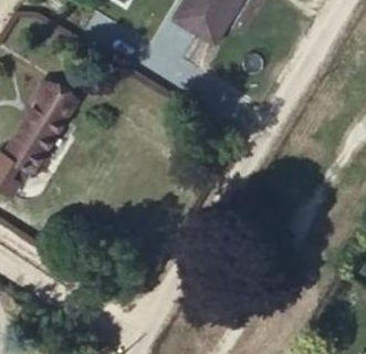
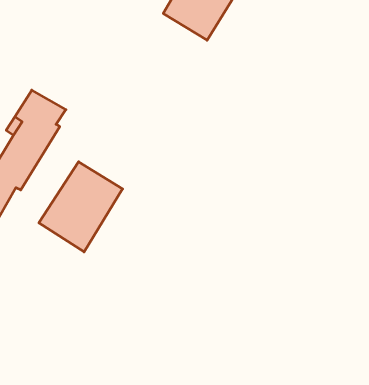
building: none -> [39,162,123,252]

